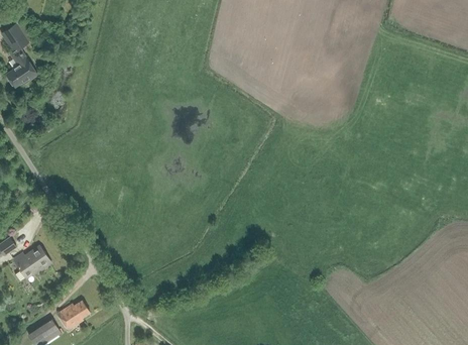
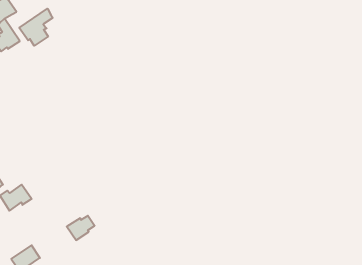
building: none -> [19,9,53,46]
building: [56,301,90,330] -> [67,216,95,240]

